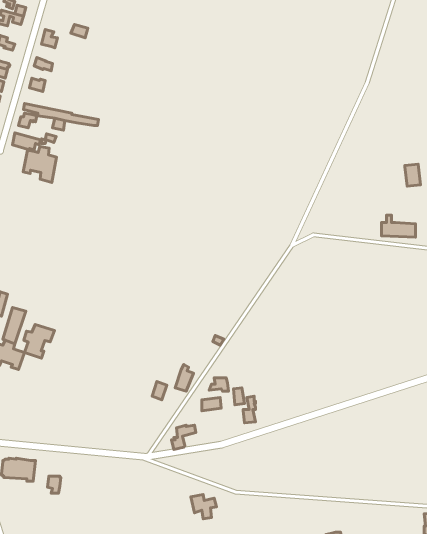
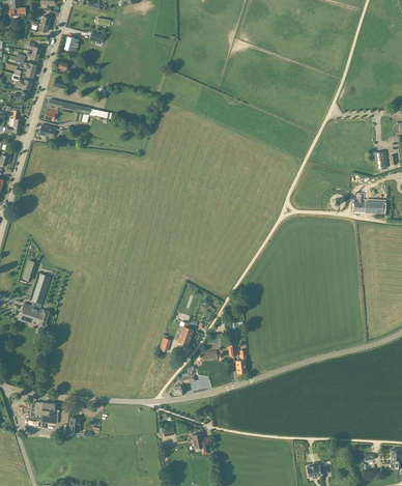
building: [23,147,57,182] -> none
building: [24,324,54,358] -> none

